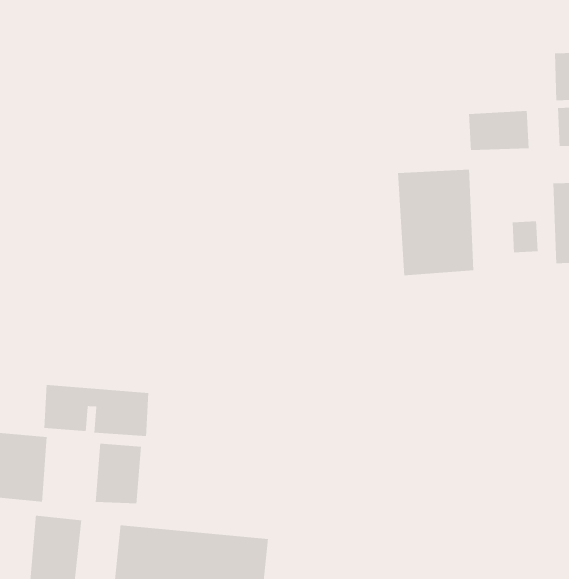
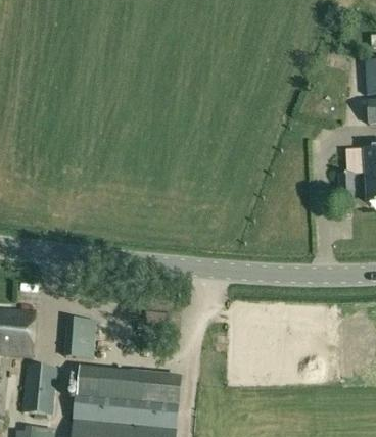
building: [468,110,529,151] -> none
building: [397,169,474,276] -> none
building: [43,384,149,437] -> none

